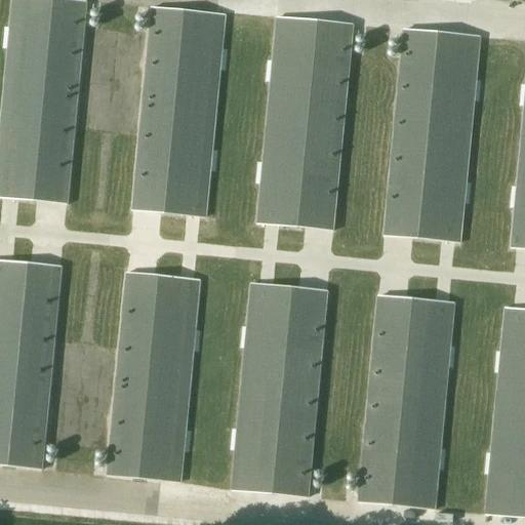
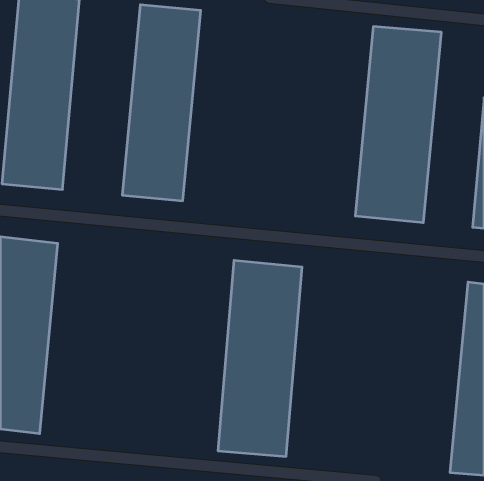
building: [258,16,351,230] -> none
building: [109,270,193,482] -> none
building: [359,293,453,507] -> none

